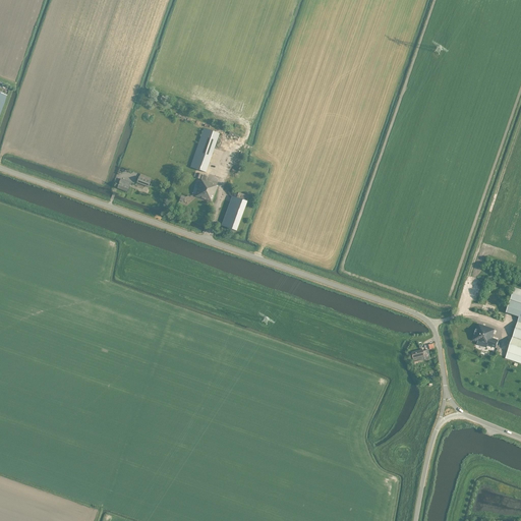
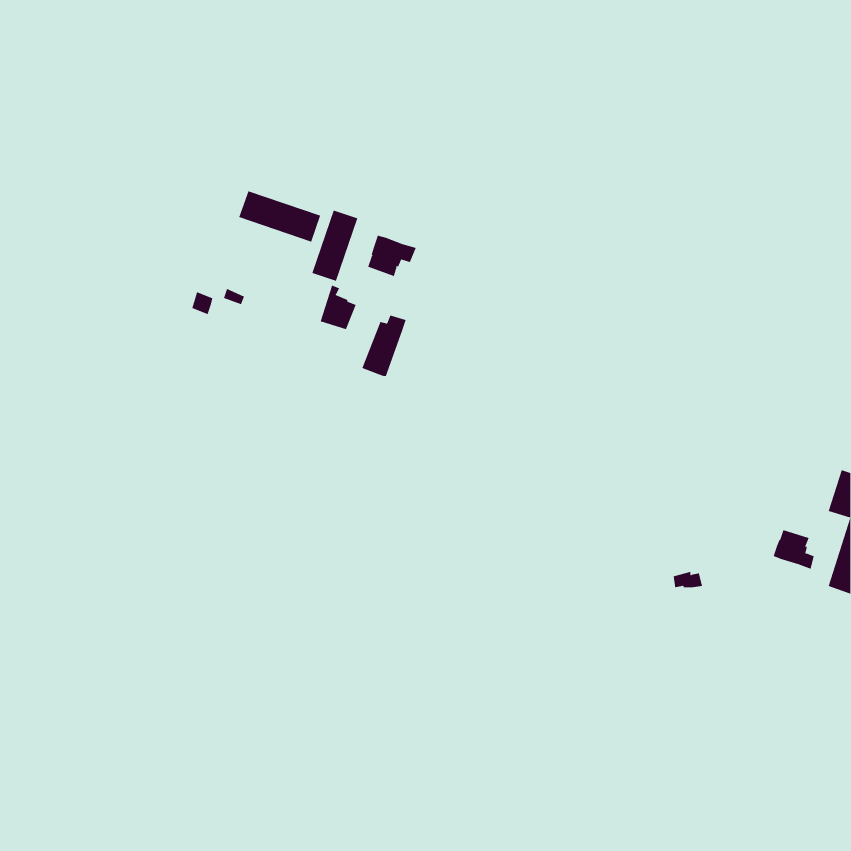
building: none -> [239,190,321,243]
building: none -> [367,235,417,277]

